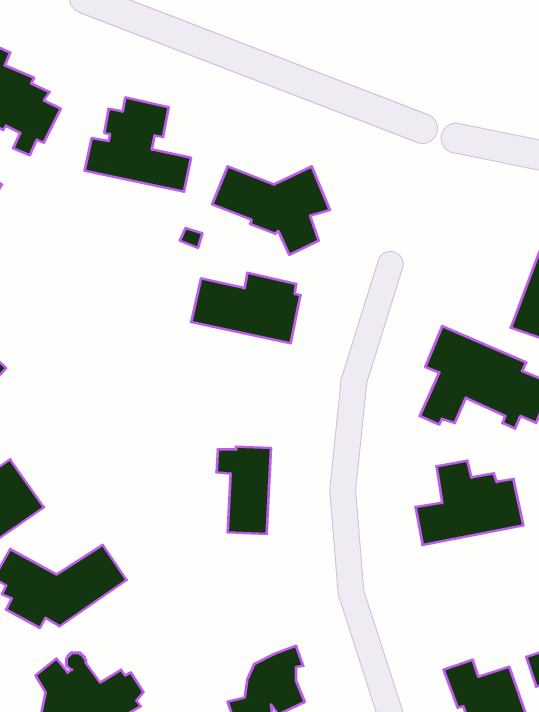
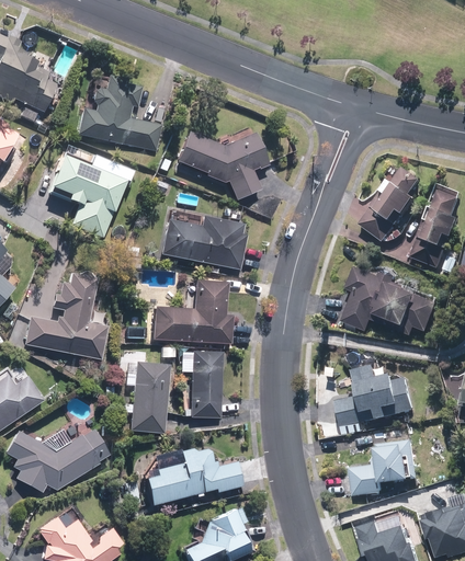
building: none -> [48,152,126,240]
building: none -> [358,161,424,242]
building: none -> [24,276,107,359]
building: none -> [152,279,232,343]
building: none -> [123,360,170,433]
building: none -> [350,438,419,497]
building: none -> [144,446,243,505]

